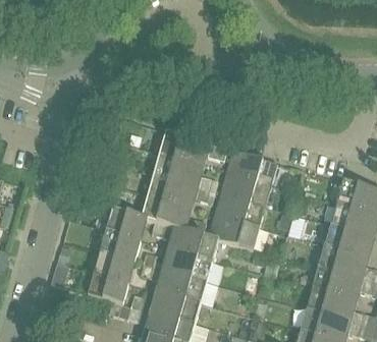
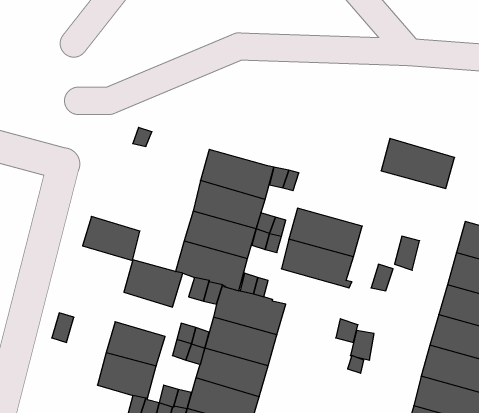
building: [225,151,276,185] -> [381,138,455,188]
building: [208,215,261,249] -> none
building: [99,231,139,262] -> [83,216,140,261]

